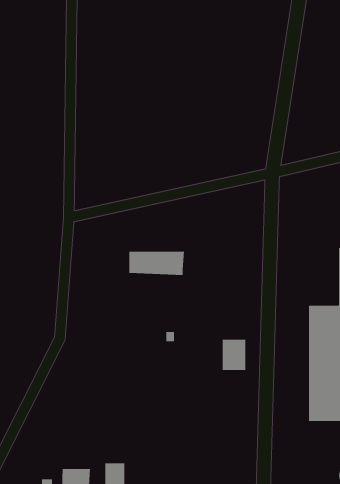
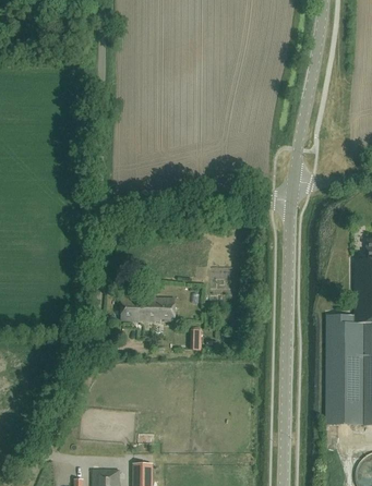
building: [128,251,185,275] -> [121,297,175,320]
building: [222,339,246,371] -> none

